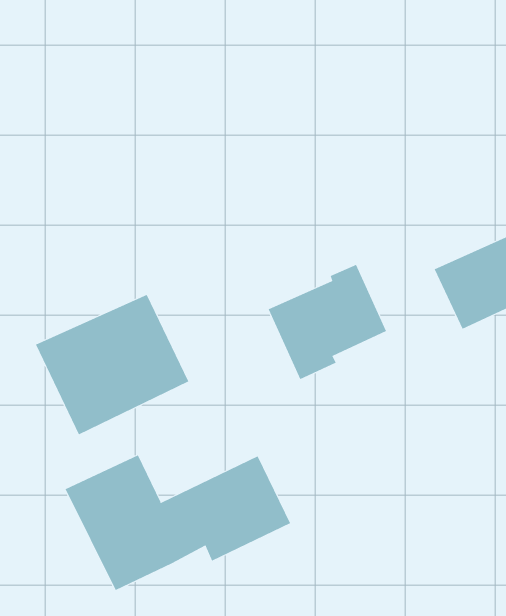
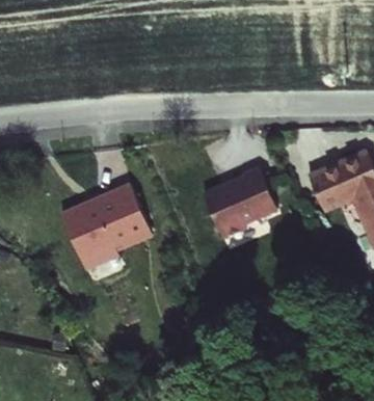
building: [65,454,291,591] -> none

